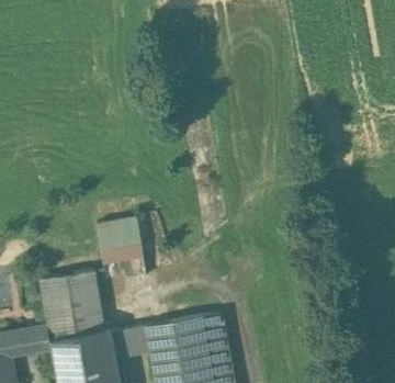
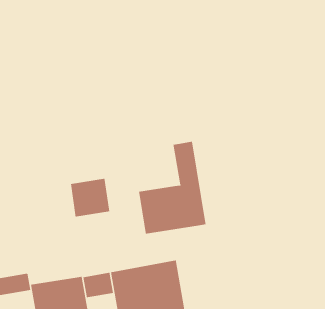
building: none -> [139,141,206,234]
building: [40,270,104,340] -> none

